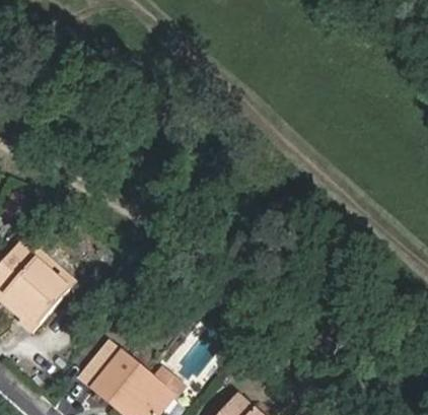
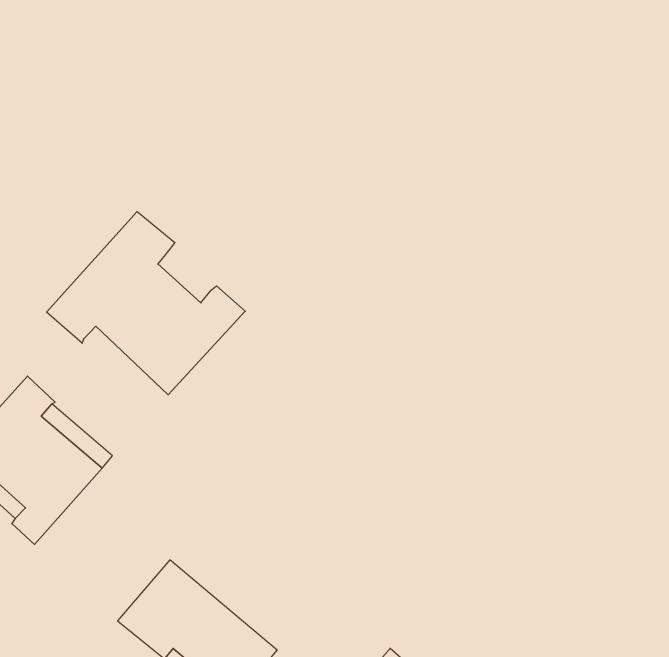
building: none -> [46,212,245,395]

